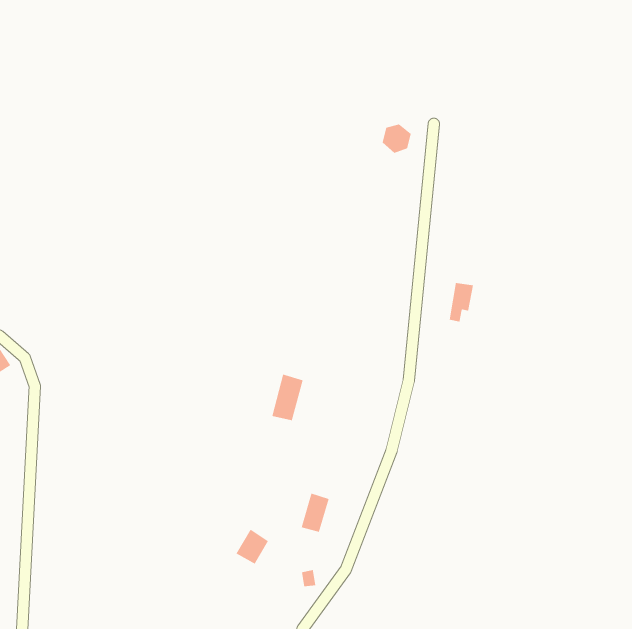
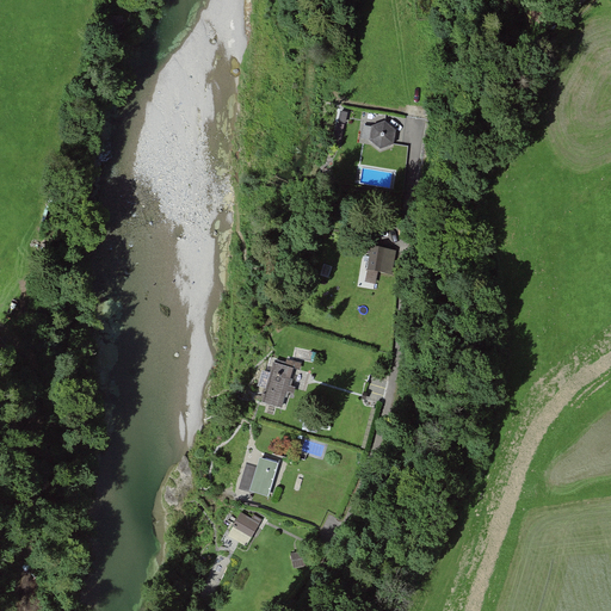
building: [449,283,474,322] -> [364,245,388,283]
building: [301,493,329,532] -> [249,456,277,494]

